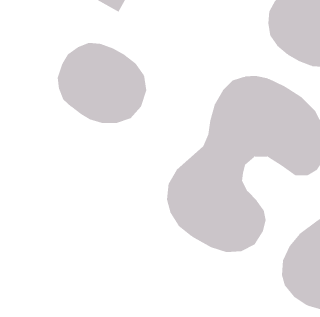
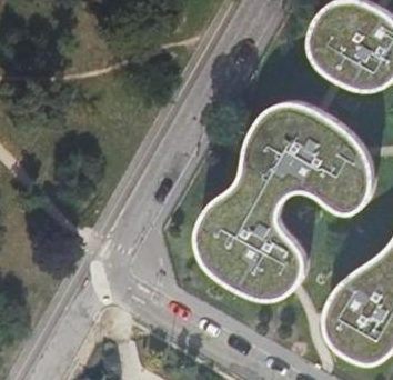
building: [57,42,147,124] -> none

